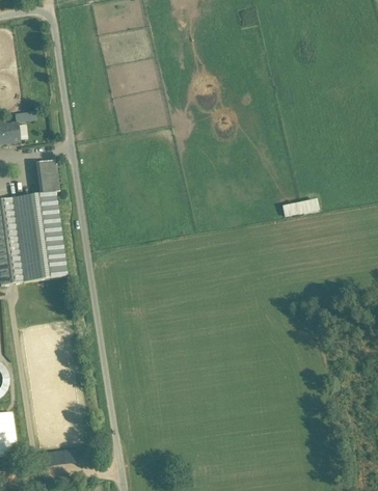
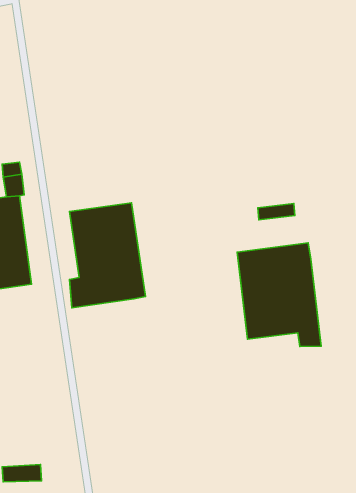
building: none -> [69,203,145,308]
building: none -> [237,243,321,346]

